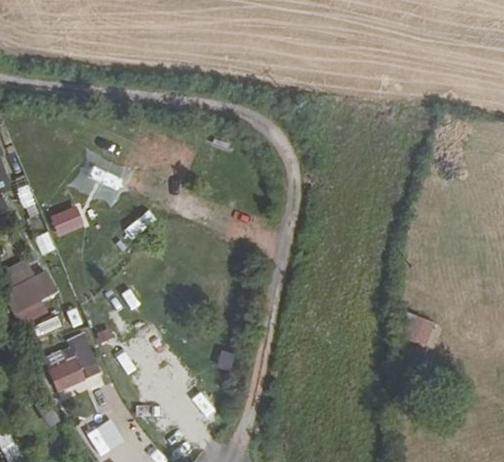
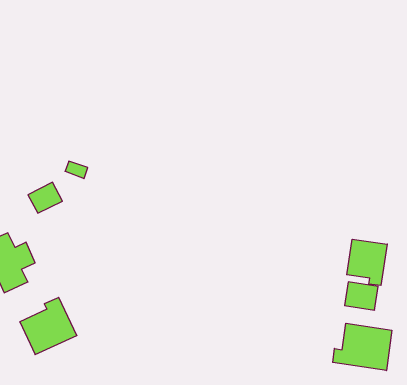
building: none -> [347,239,387,285]
building: none -> [333,323,392,371]

